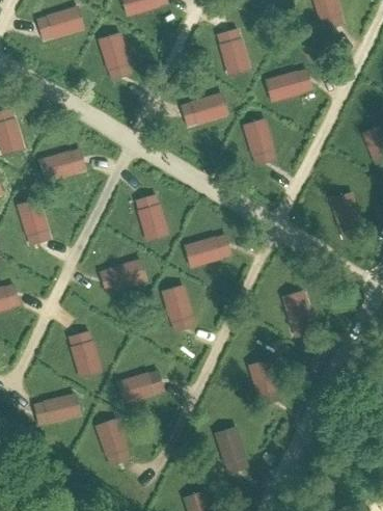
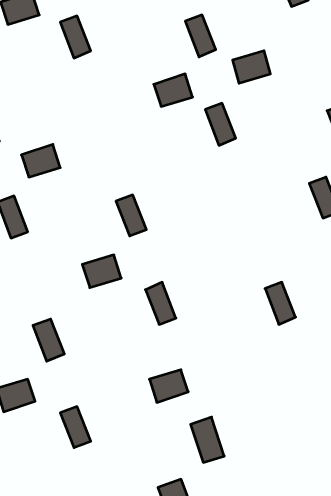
building: [195,240,232,272] -> none
building: [258,362,290,404] -> none
building: [125,378,163,410] -> [149,370,188,402]

